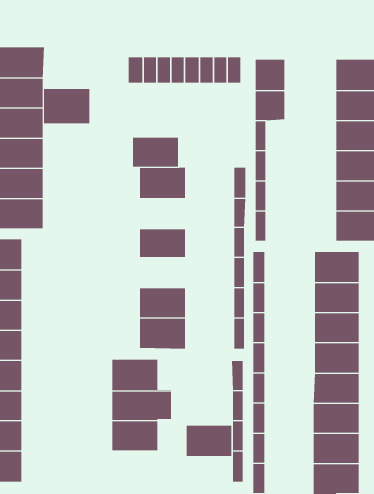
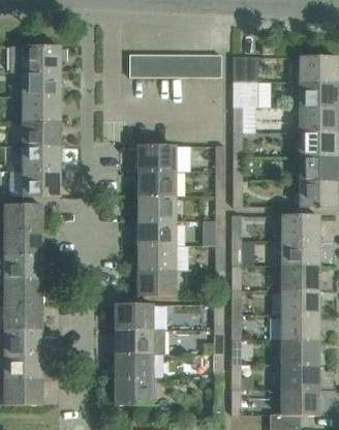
building: [44,88,90,124] -> none
building: [132,137,179,167] -> [137,171,176,195]
building: none -> [137,219,176,244]
building: [186,425,232,457] -> [115,378,153,404]

